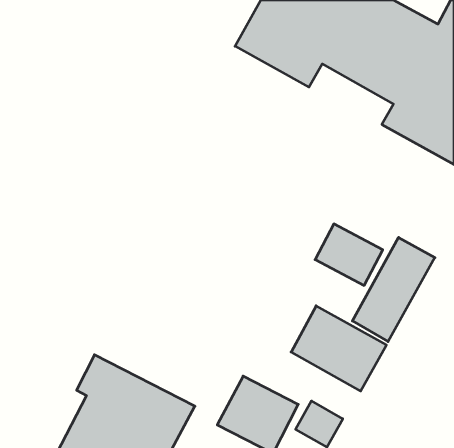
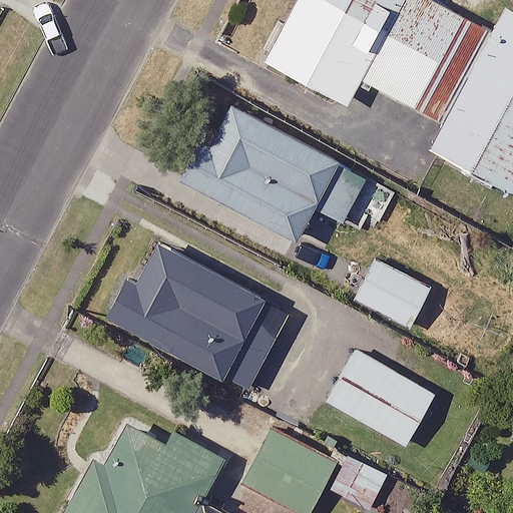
building: none -> [180,101,367,238]
building: none -> [105,233,278,390]
building: [352,237,435,342] -> none

